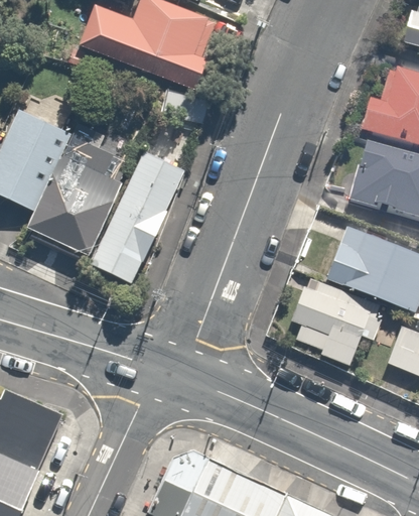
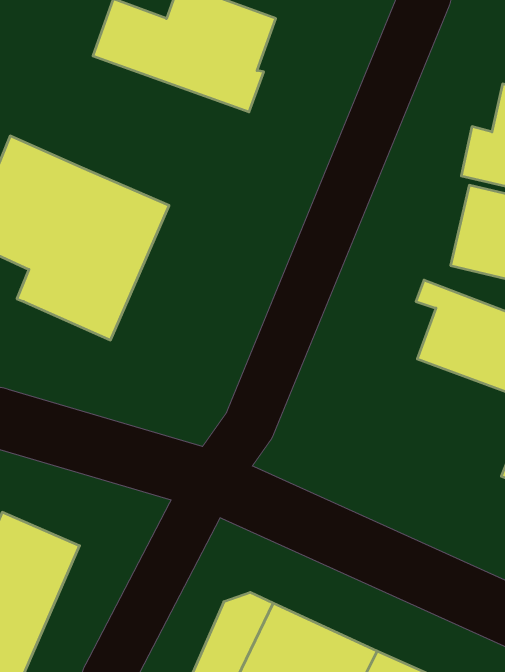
building: [89,148,184,284] -> none
building: [285,281,382,365] -> none

